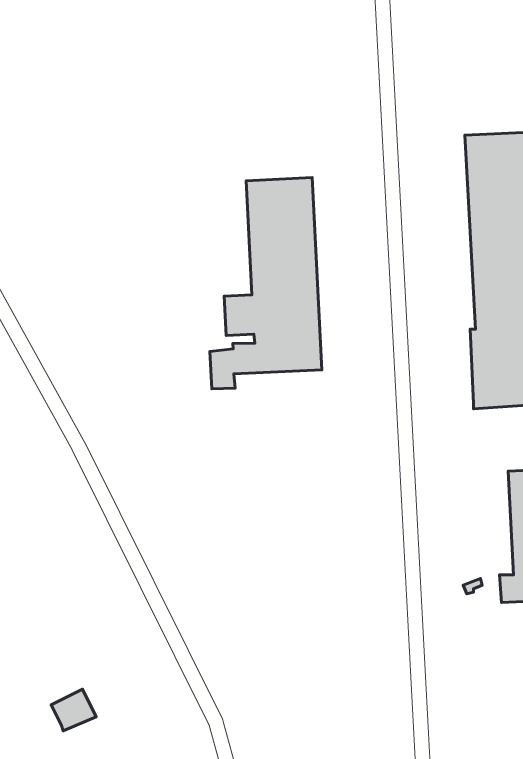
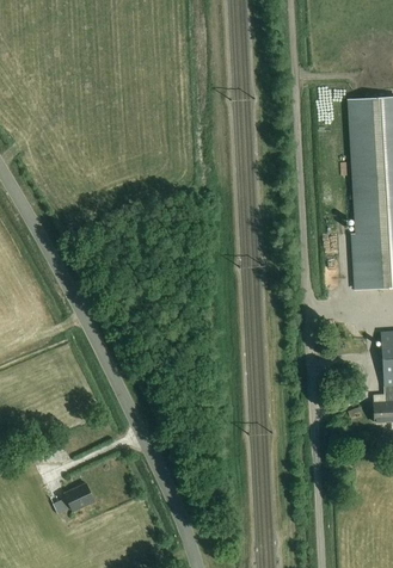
building: [210,177,322,389] -> none

